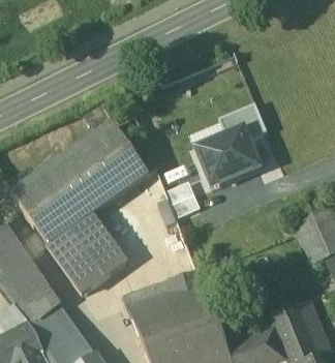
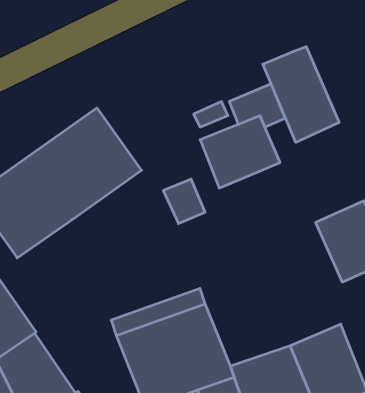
building: none -> [263,47,339,142]
building: [47,213,126,294] -> none

